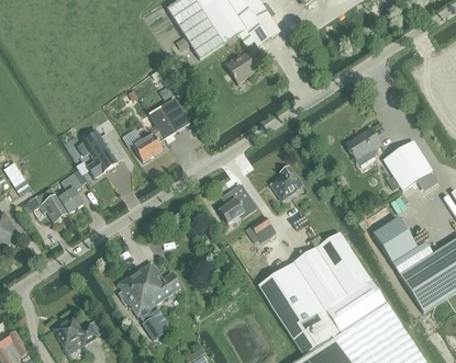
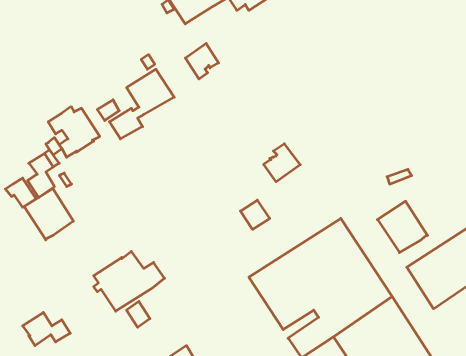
building: [226,50,256,82] -> [185,43,219,79]
building: [348,127,381,159] -> none
building: [383,139,432,189] -> none
building: [219,184,256,223] -> none
building: none -> [24,188,73,240]

